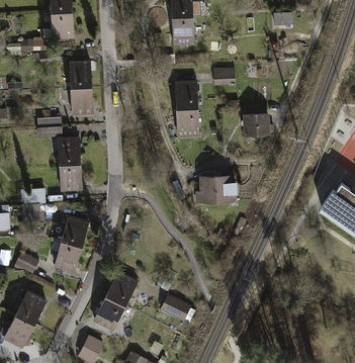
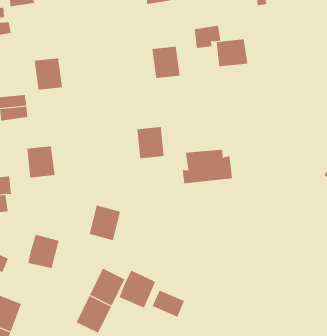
building: [69,61,92,88] -> none
building: [176,109,199,137] -> [137,126,165,159]
building: [242,111,269,134] -> [216,39,248,67]
building: [58,138,81,165] -> none
building: [62,215,91,248] -> [89,205,121,241]
building: none -> [119,270,156,308]

